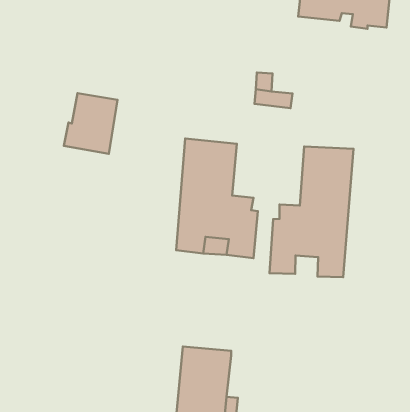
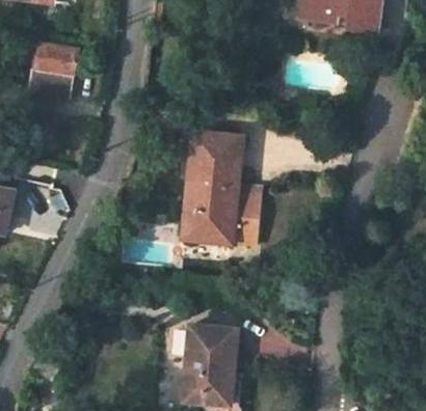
building: [64,93,118,154] -> [26,42,76,98]
building: [269,146,353,277] -> none

